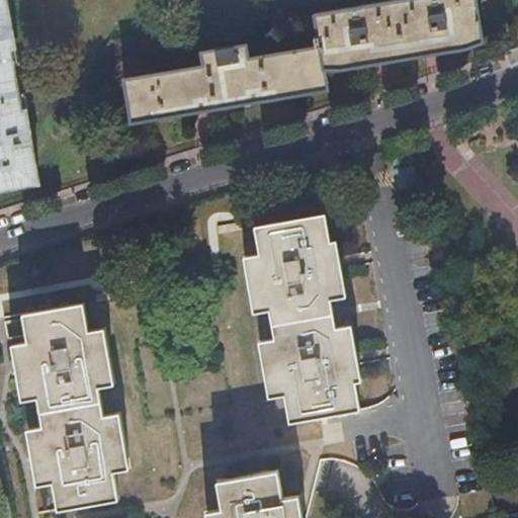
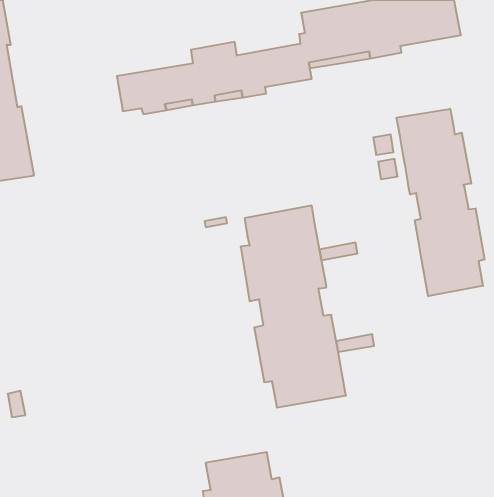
building: none -> [397,109,485,296]
building: [16,304,121,511] -> none

